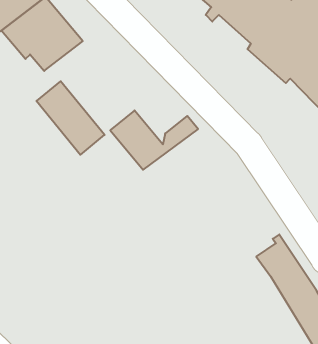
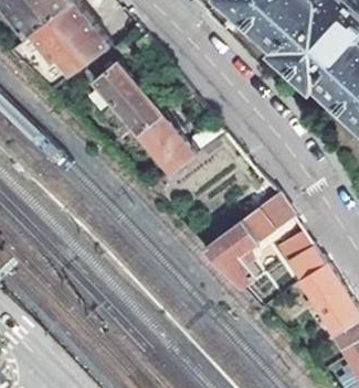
building: [36,81,105,155] -> [92,63,160,137]
building: none -> [203,195,291,287]

